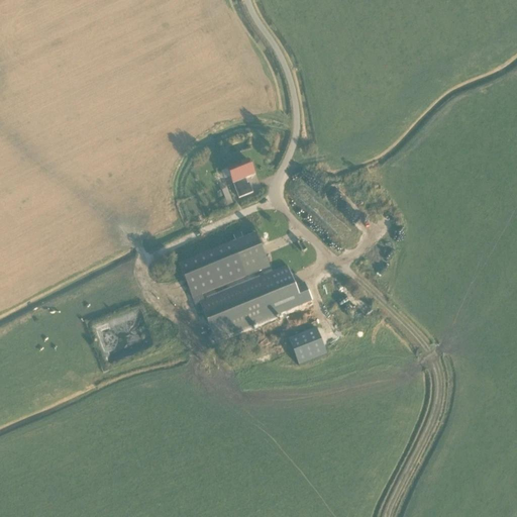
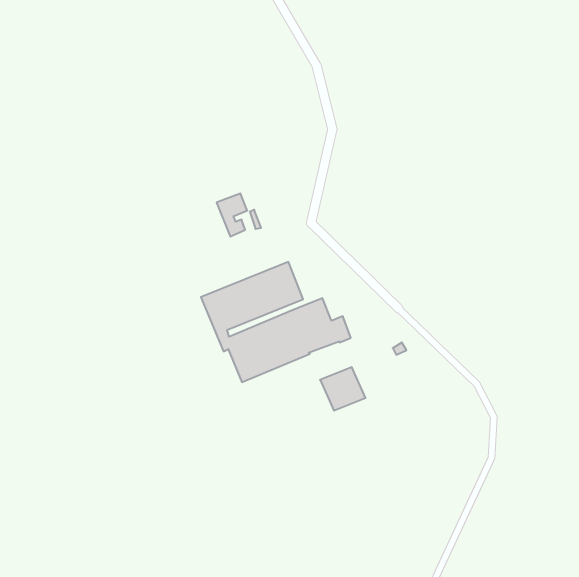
building: [228,160,255,198] -> [217,193,247,237]

